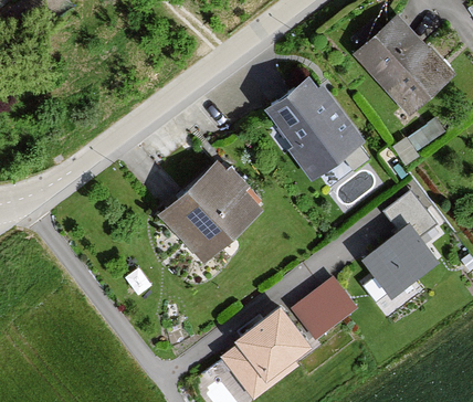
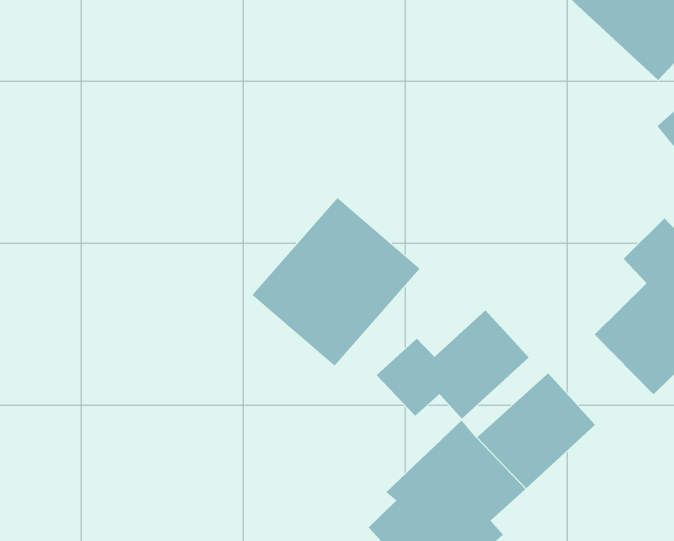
building: [269,83,357,177] -> none
building: none -> [376,310,529,420]

